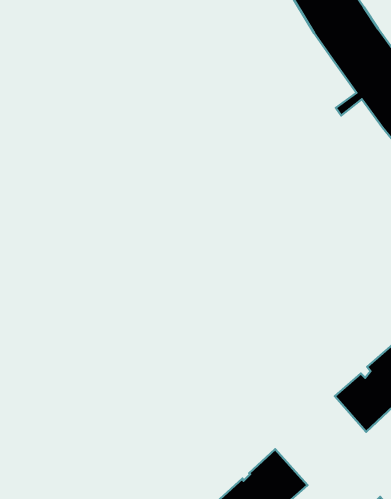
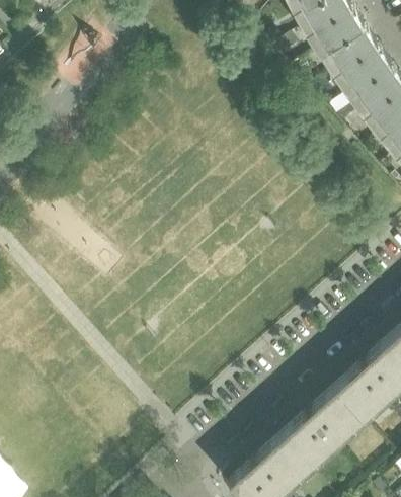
building: none -> [279,385,365,468]

